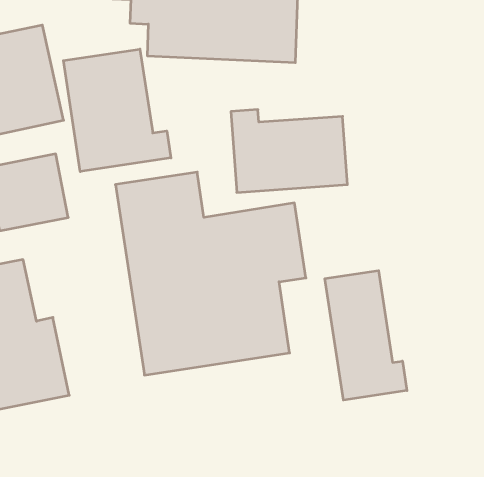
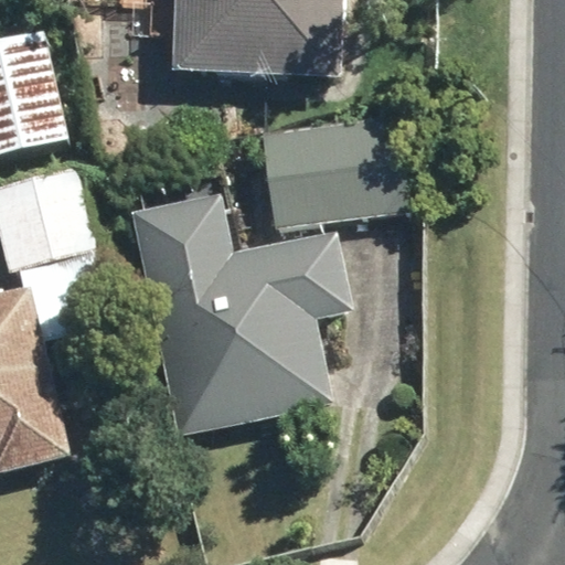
building: [63,49,171,172] -> none
building: [325,271,407,400] -> none

